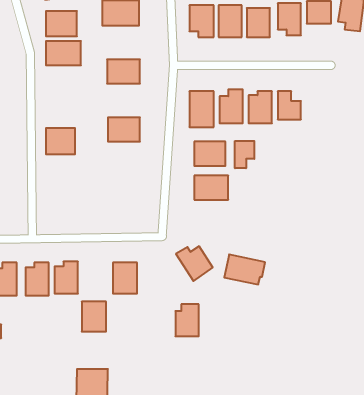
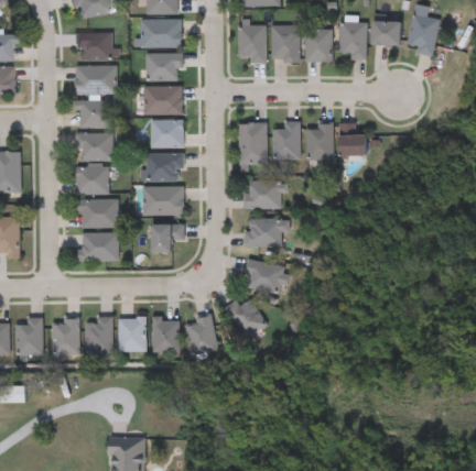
building: none -> [147,53,181,80]
building: none -> [77,100,111,127]
building: none -> [150,120,183,147]
building: none -> [76,132,112,160]
building: [235,141,254,168] -> none
building: none -> [142,187,183,215]
building: none -> [79,200,118,228]
building: none -> [145,226,184,253]
building: none -> [79,232,119,261]
building: [224,254,265,284] -> [242,260,289,294]
building: [82,302,106,332] -> [119,317,147,351]
building: [175,304,199,336] -> [188,317,215,353]

